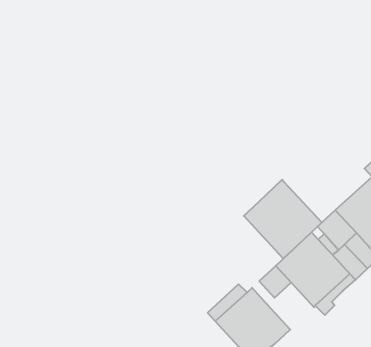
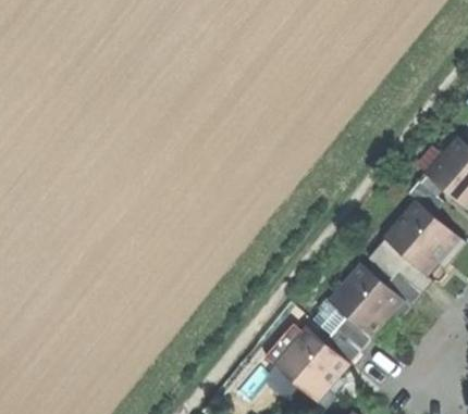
building: [244,180,322,259] -> none
building: none -> [323,315,371,363]

